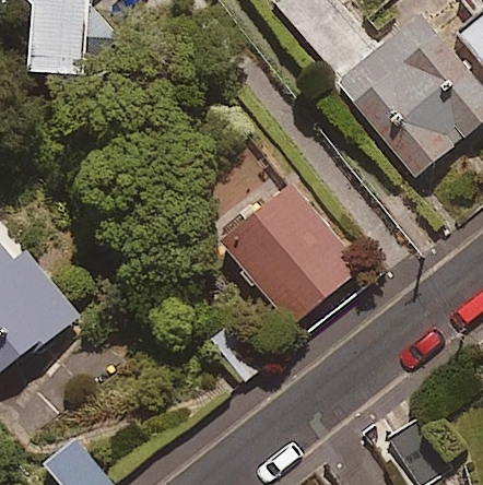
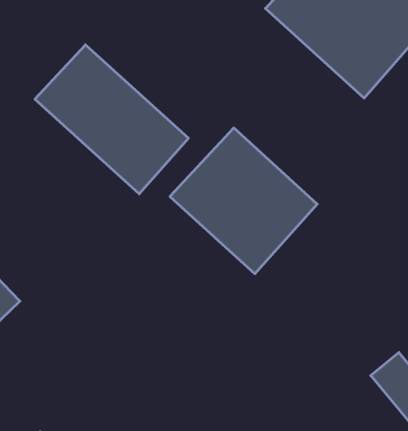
building: none -> [35,45,188,194]

